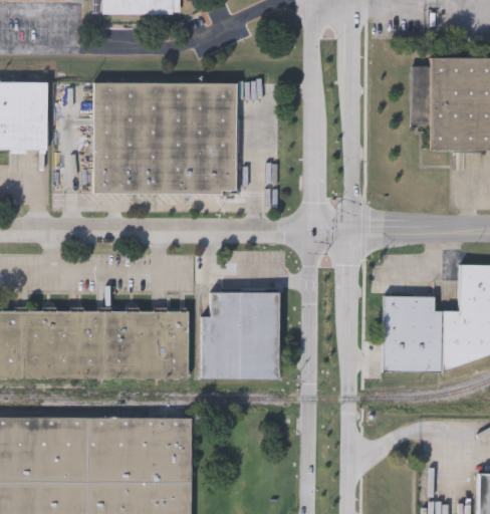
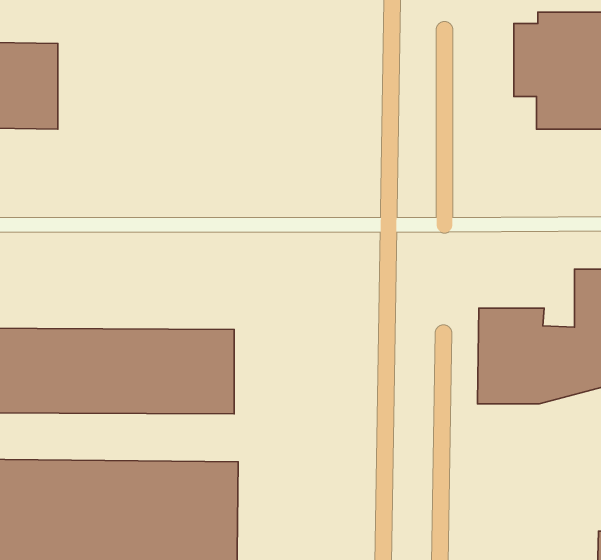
building: [93,84,236,194] -> none
building: [201,291,278,378] -> none

